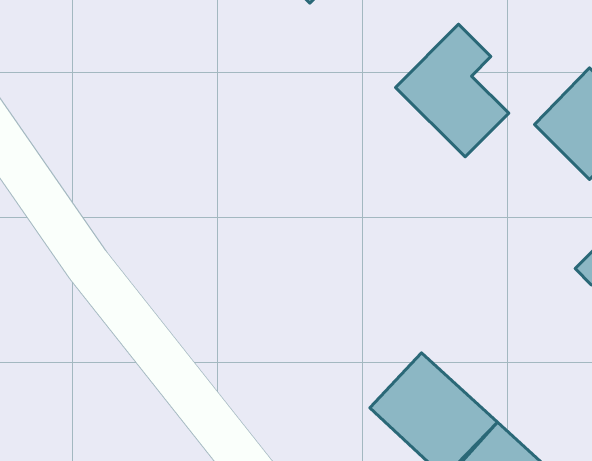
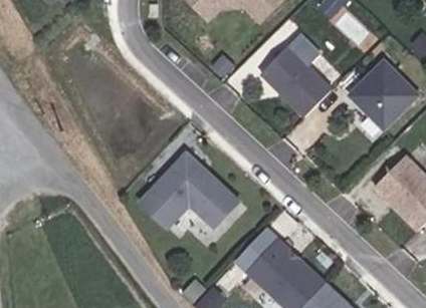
building: none -> [141,151,239,226]

